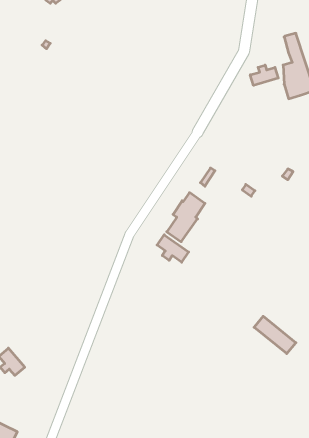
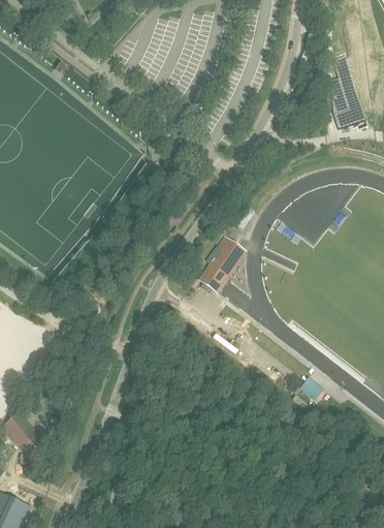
building: [250,65,278,85] -> none
building: [157,235,189,262] -> none

